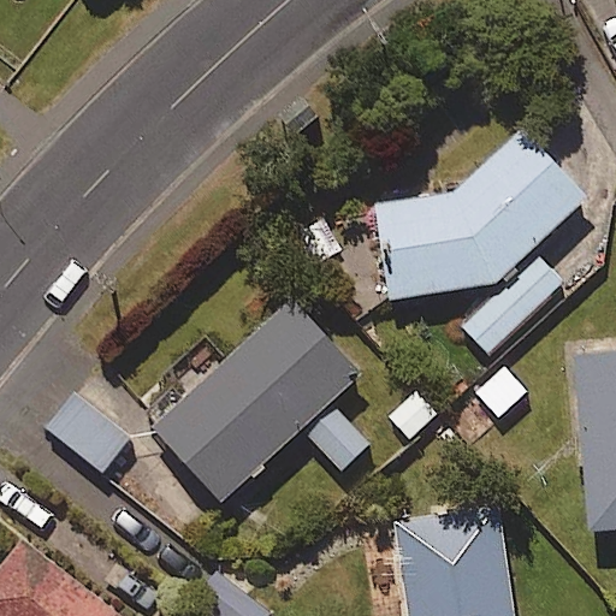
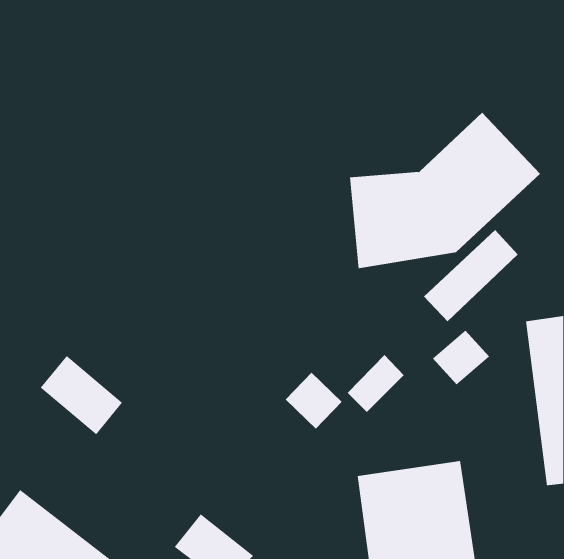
building: [155,297,362,499] -> none

